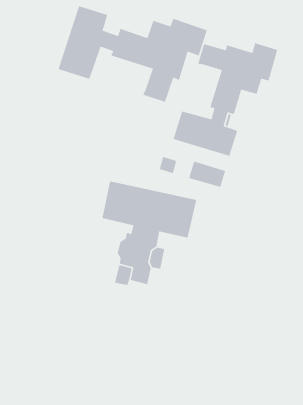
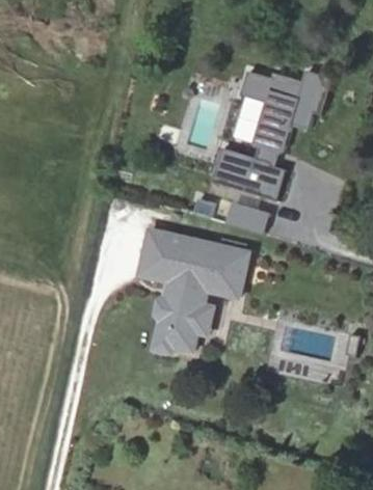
building: [57,5,208,103] -> none
building: none -> [237,96,270,142]

